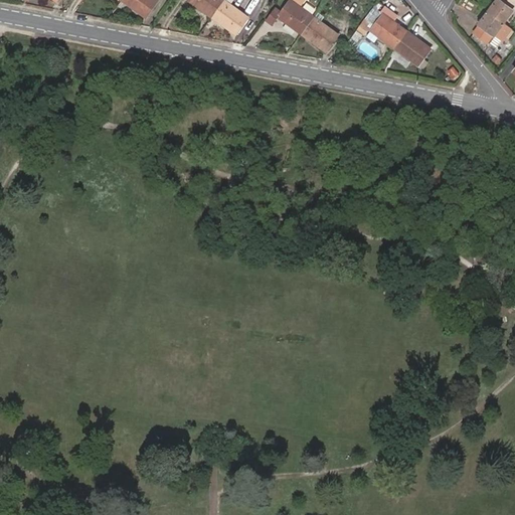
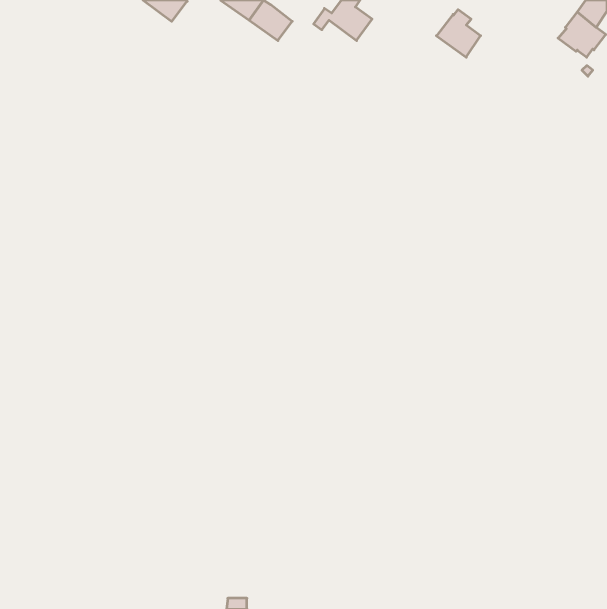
building: [301,16,338,52] -> none
building: [393,30,431,66] -> none

